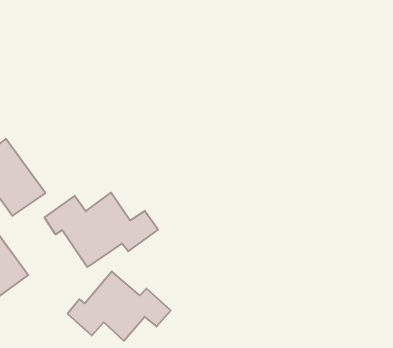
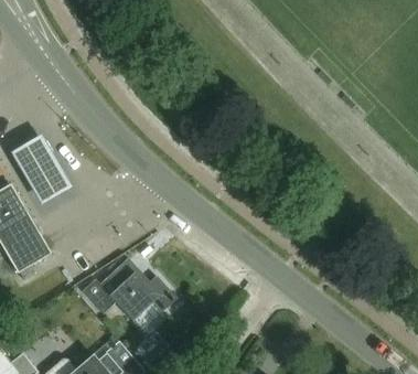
building: [45,193,158,267] -> none

